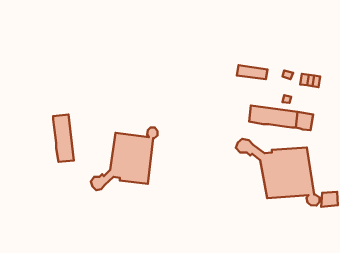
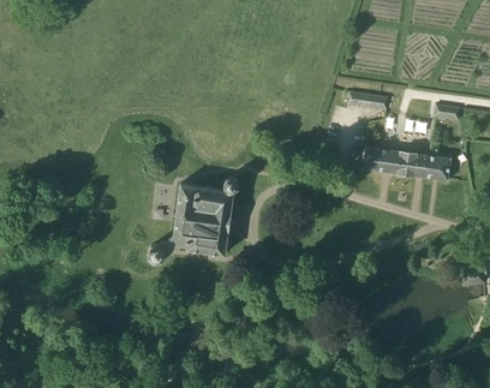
building: [53,115,74,162] -> none
building: [236,139,320,205] -> none

